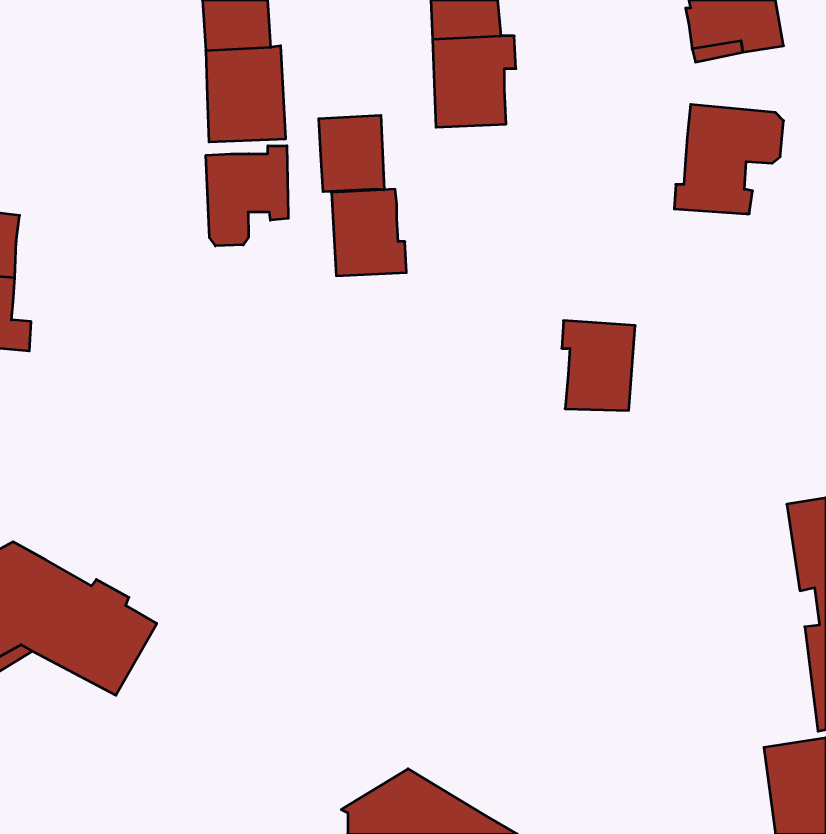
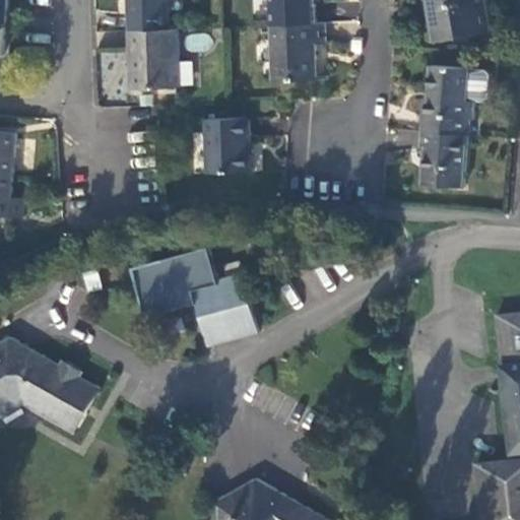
building: [319,115,384,192] -> none
building: [206,146,288,246] -> none
building: [562,321,635,410] -> [418,130,464,186]
building: none -> [133,249,256,346]

